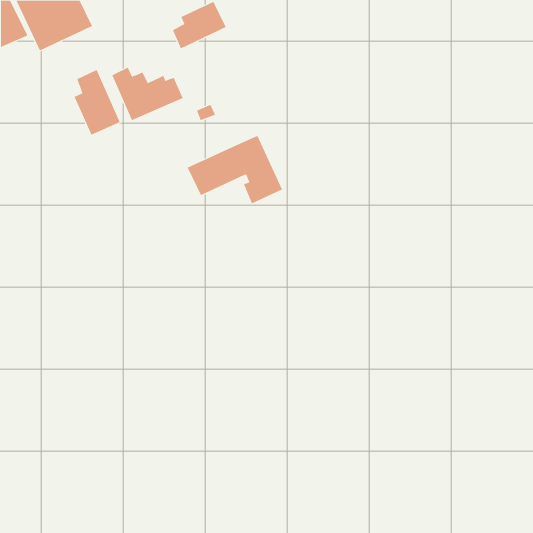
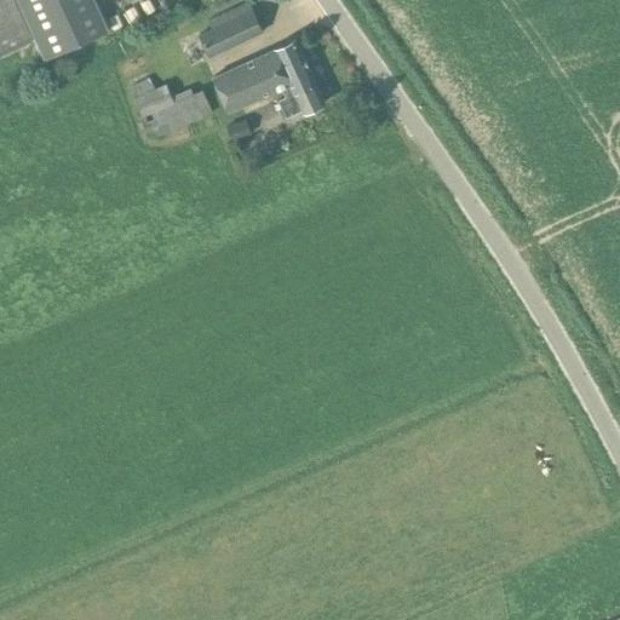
building: [74,69,120,135] -> none
building: [187,135,283,204] -> [213,40,325,120]

